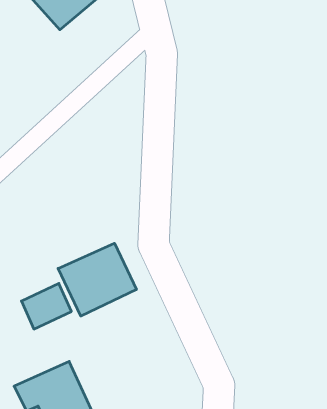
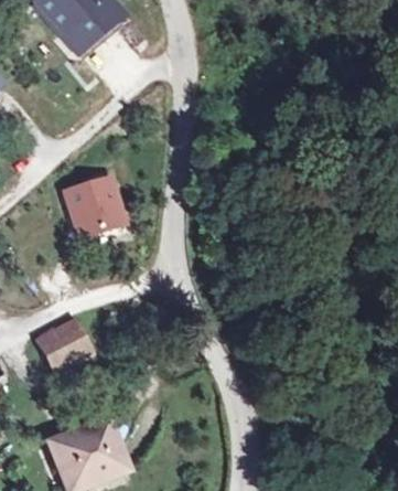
building: none -> [66,179,128,241]
building: [58,243,136,316] -> none

